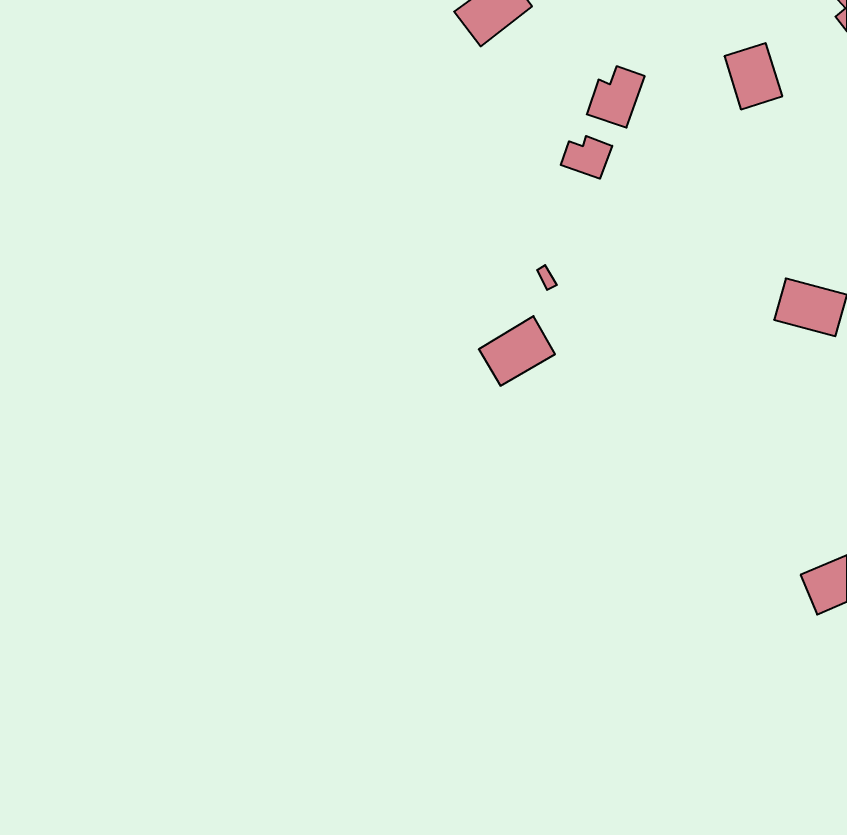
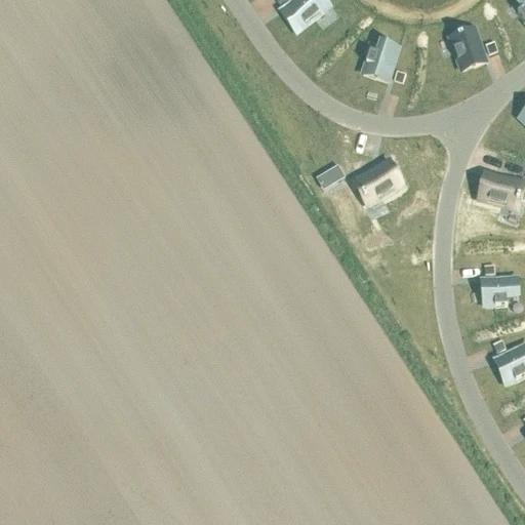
building: [561,136,612,179] -> none
building: [479,316,555,386] -> [355,160,402,203]
building: none -> [482,275,518,305]

